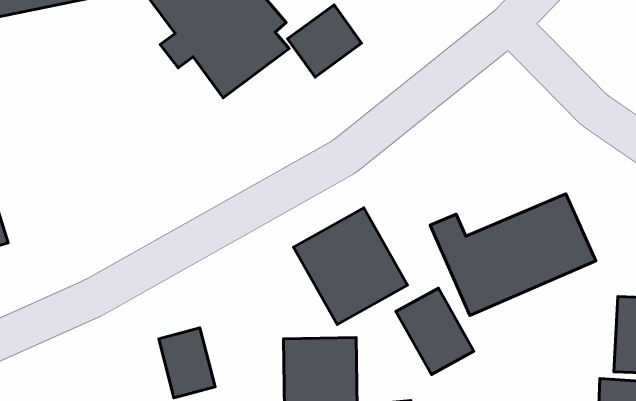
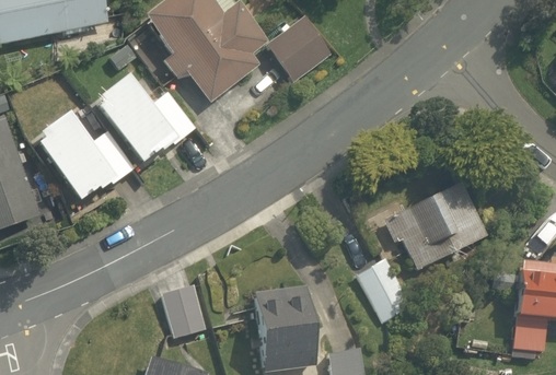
building: none -> [101,71,193,161]
building: none -> [42,119,135,203]
building: [294,208,407,325] -> none

